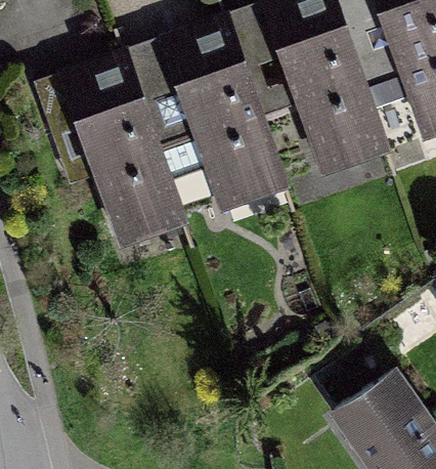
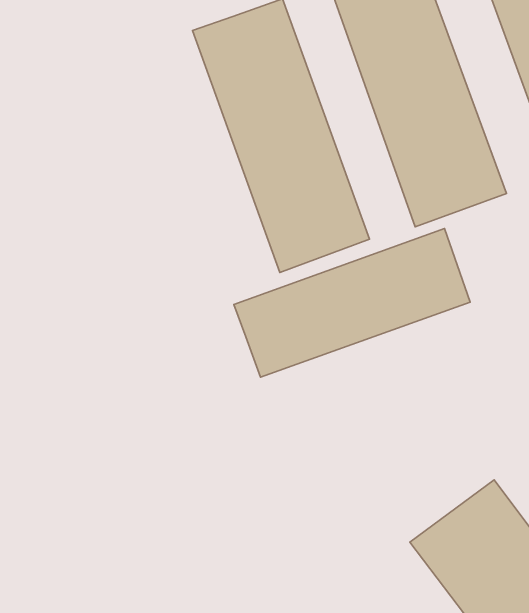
building: [59,48,190,251] -> none
building: none -> [234,229,470,377]

